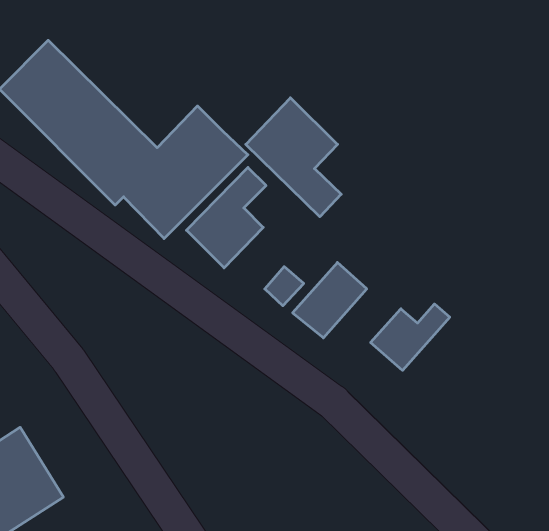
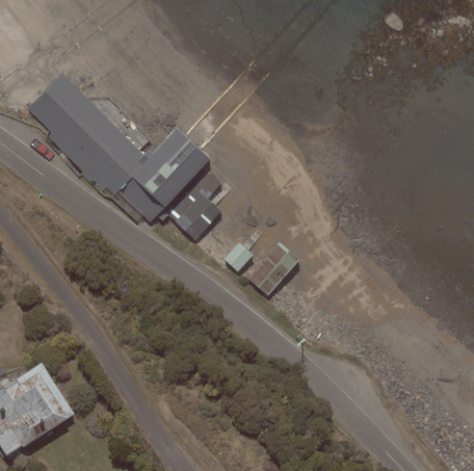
building: [246,98,341,217] -> none
building: [371,304,450,370] -> none

